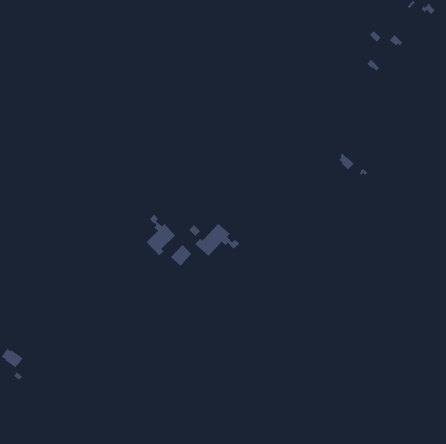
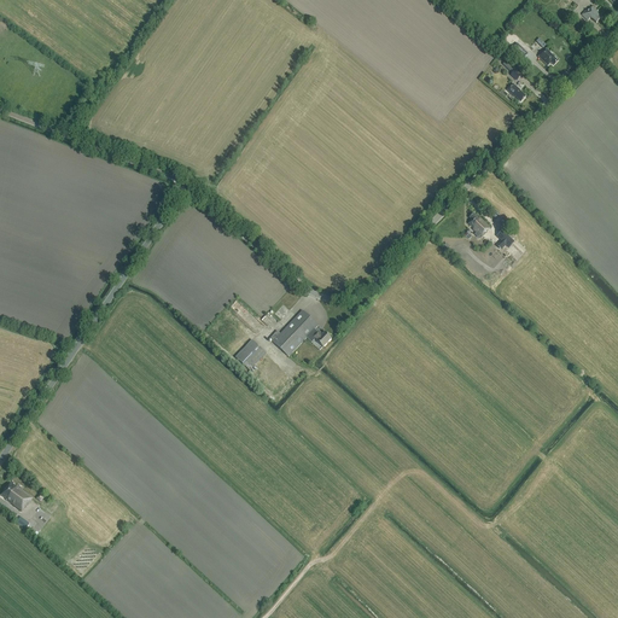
building: [146,214,176,256] -> none

